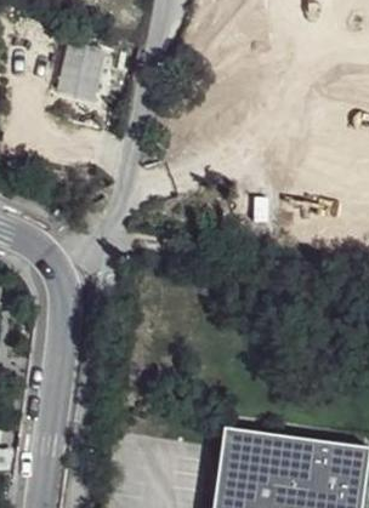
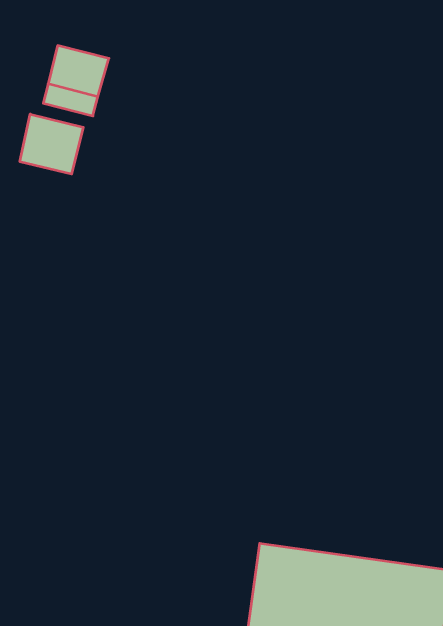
building: none -> [20,114,83,174]

